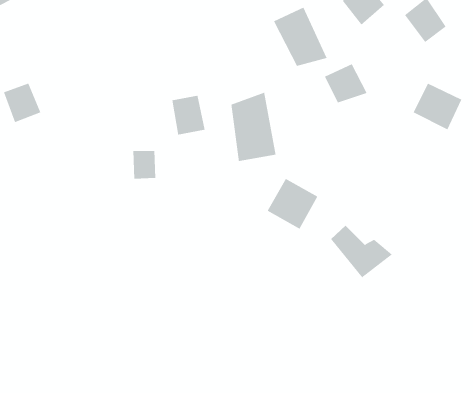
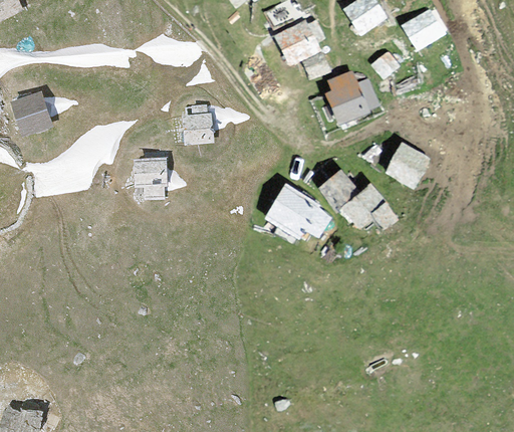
building: [413,83,462,130] -> [380,143,429,189]
building: [231,92,276,162] -> none
building: [330,225,393,278] -> [325,173,387,225]

